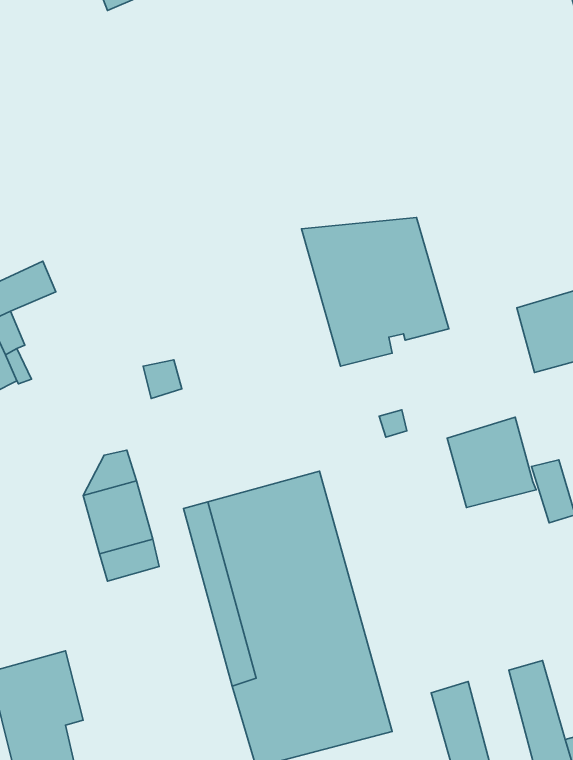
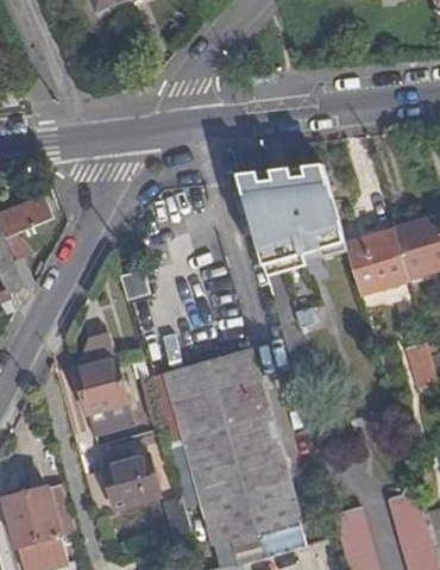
building: [447,417,536,508] -> [345,230,410,296]
building: none -> [102,455,158,506]

